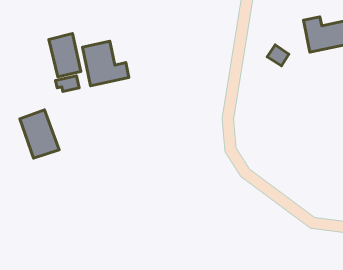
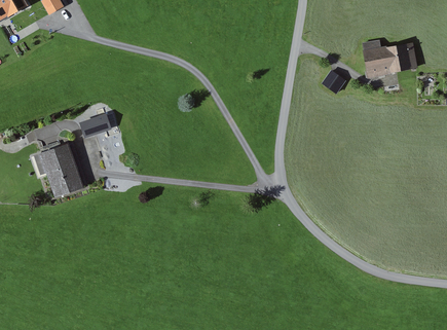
building: [49,33,81,77] -> none
building: [83,41,129,86] -> none

